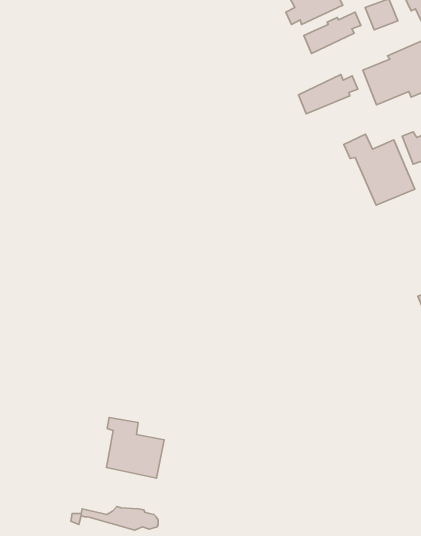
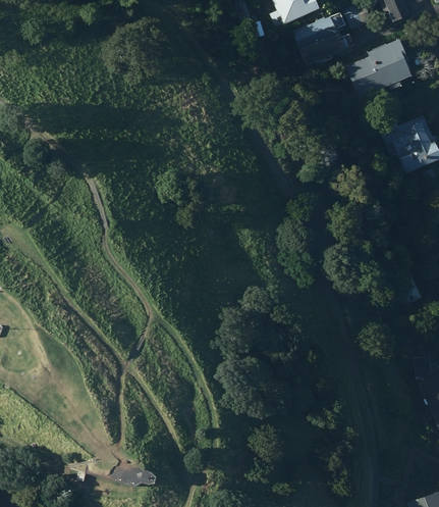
building: [298,75,358,114] -> [297,33,351,68]
building: [344,134,415,205] -> none
building: [106,417,164,478] -> none

